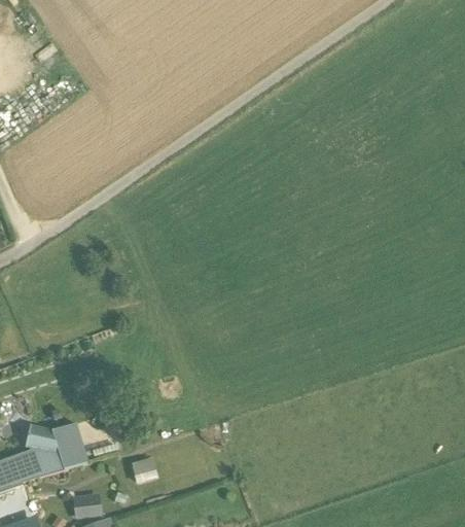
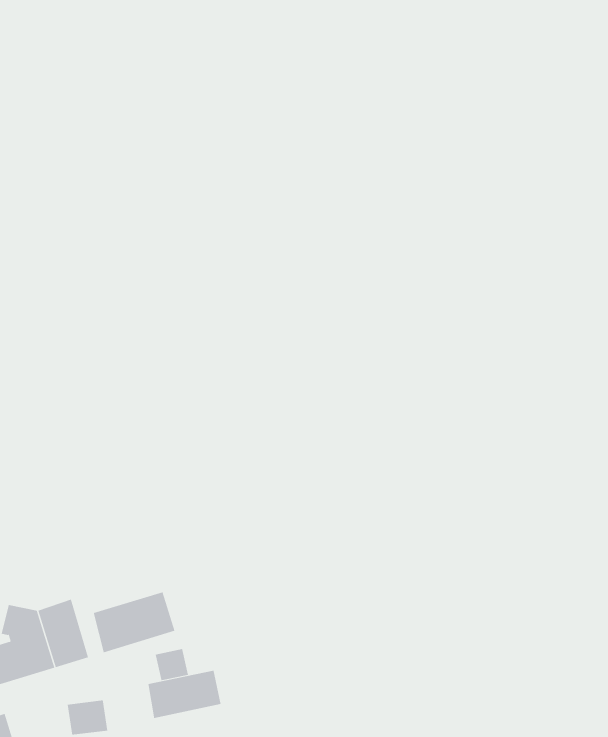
building: none -> [93,591,175,653]
building: none -> [148,670,221,719]

